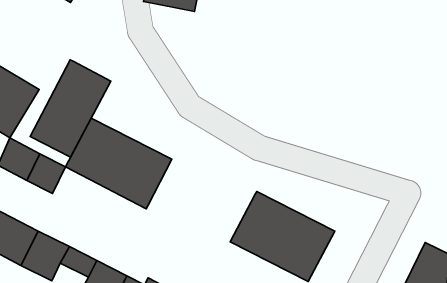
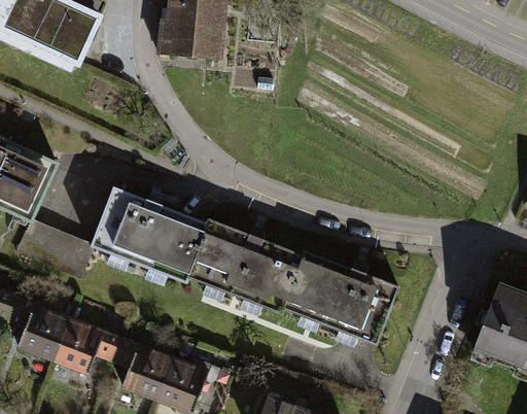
building: [30,60,111,157] -> none
building: none -> [187,218,304,314]

